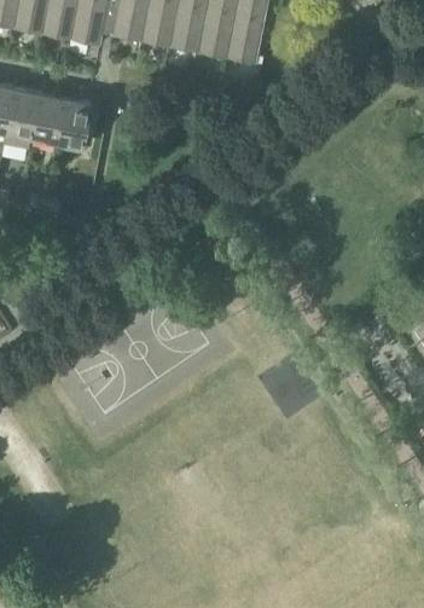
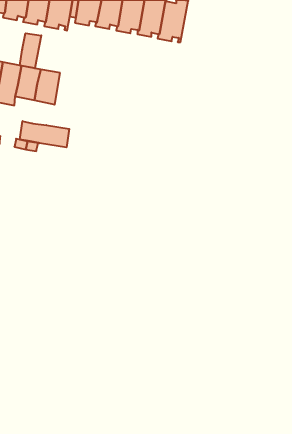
building: none -> [20,33,41,68]
building: none -> [20,121,69,147]

